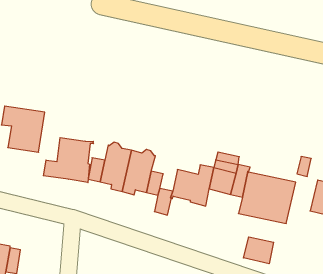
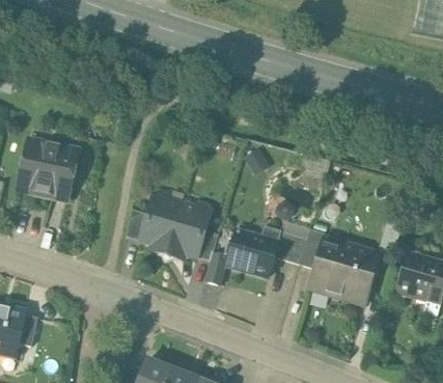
building: [43,138,93,183] -> none
building: [243,237,274,264] -> none

